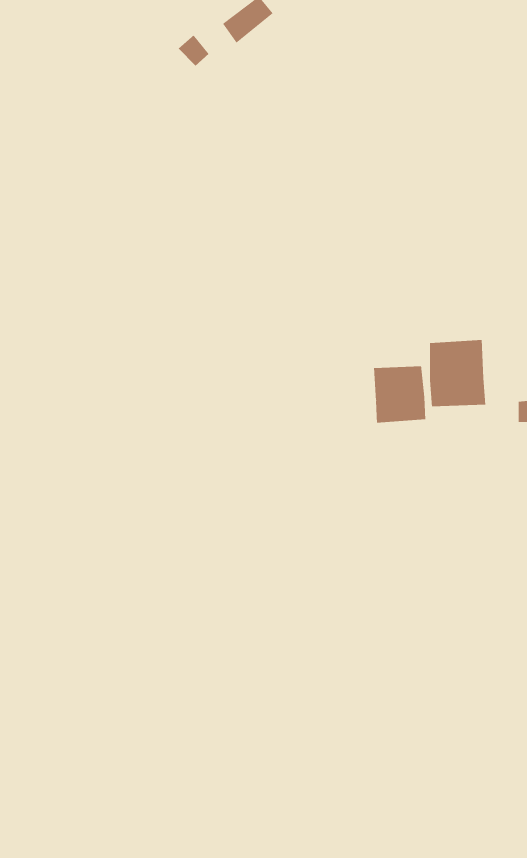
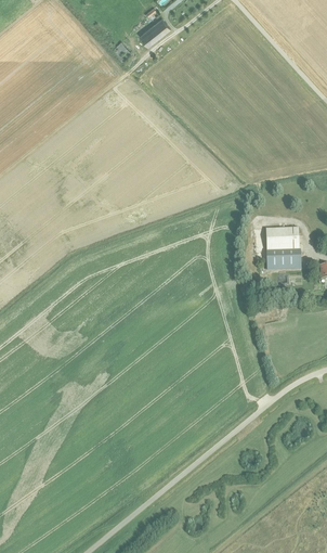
building: [374,366,426,423] -> none

